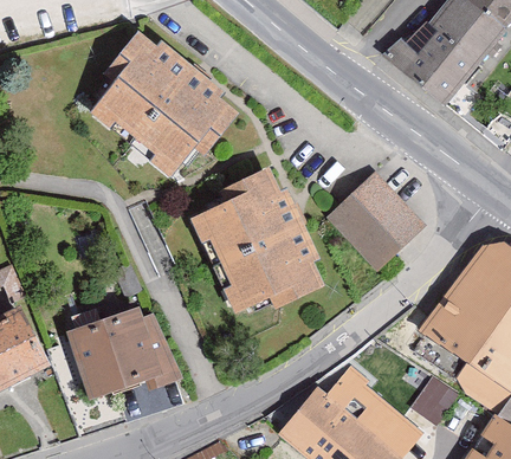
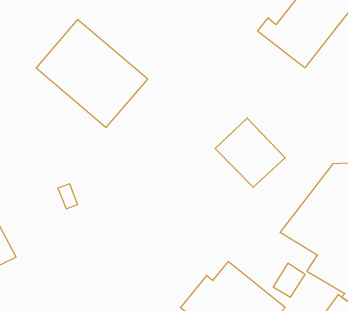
building: [187,164,323,323] -> none
building: [69,308,173,402] -> none

